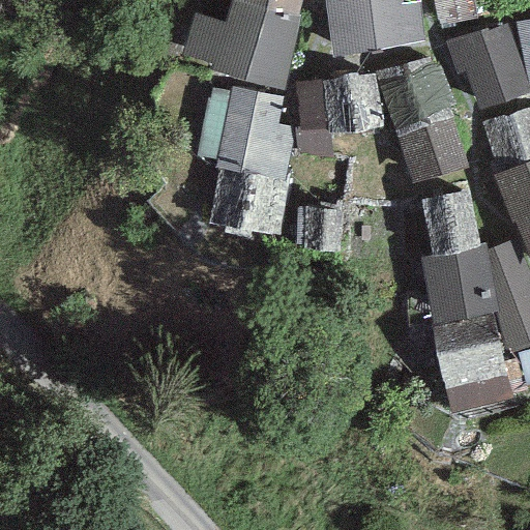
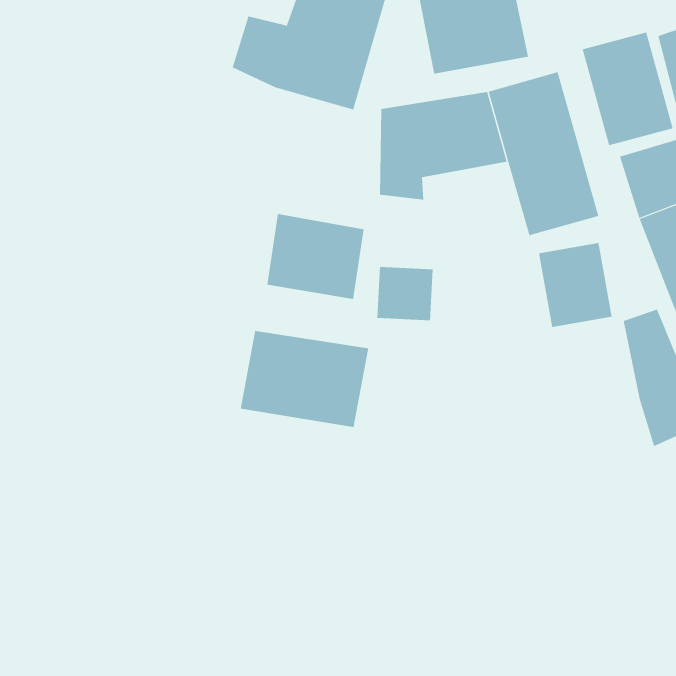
building: [217,86,294,179] -> none
building: [421,244,500,324] -> none
building: none -> [240,330,369,428]
building: [434,322,511,411] -> none

